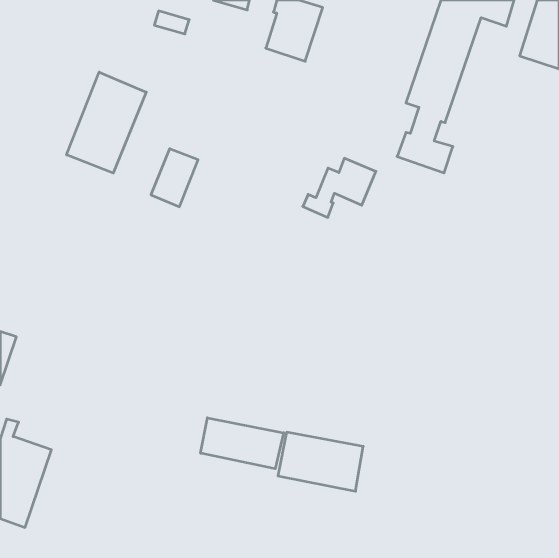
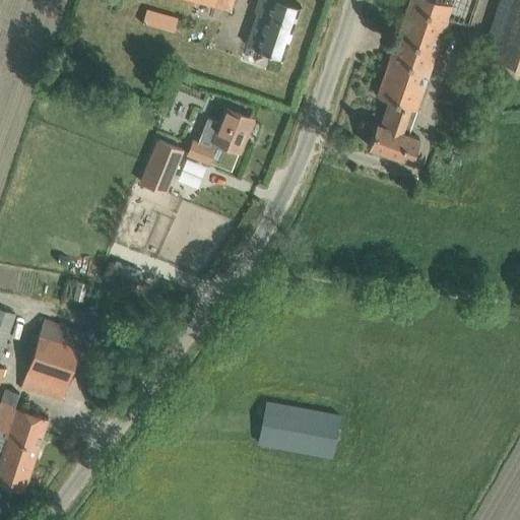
building: [67,72,146,173] -> none
building: [303,158,376,217] -> [185,108,253,162]
building: none -> [20,319,85,402]
building: [201,418,284,469] -> none

